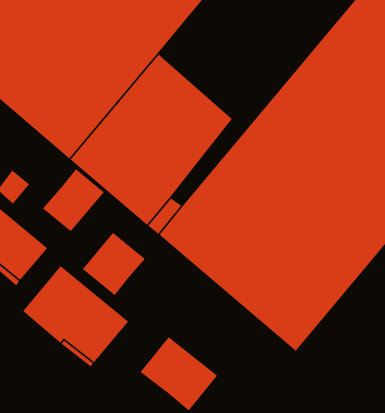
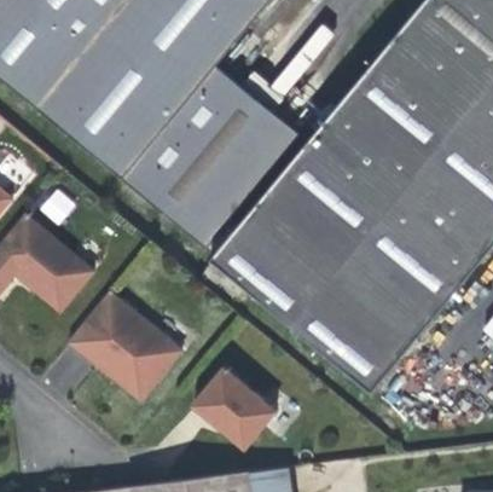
building: [42,168,105,232] -> none
building: [82,232,146,296] -> none

